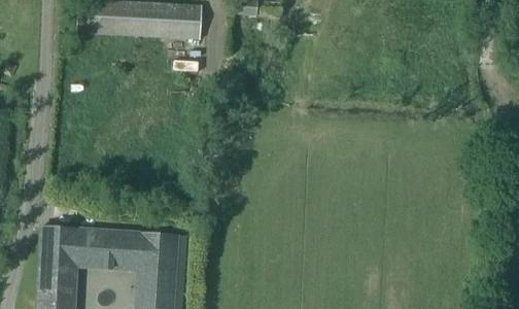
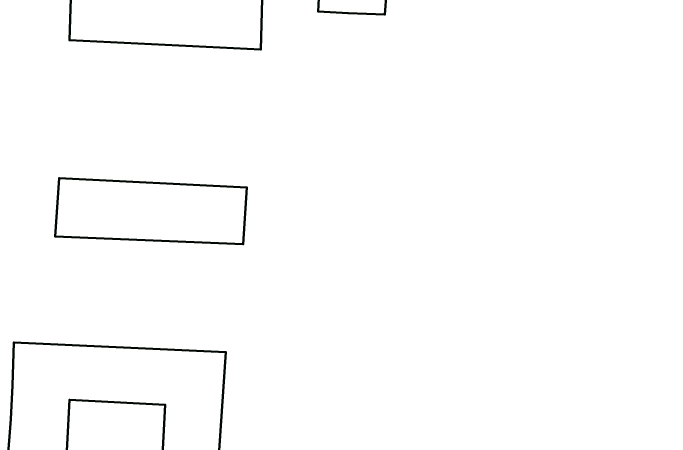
building: none -> [55,178,247,244]

